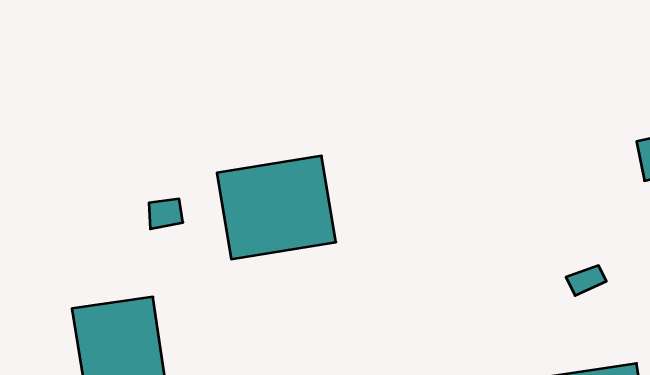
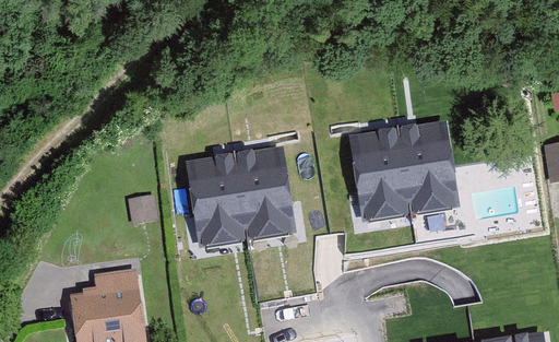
building: none -> [354,128,454,215]

